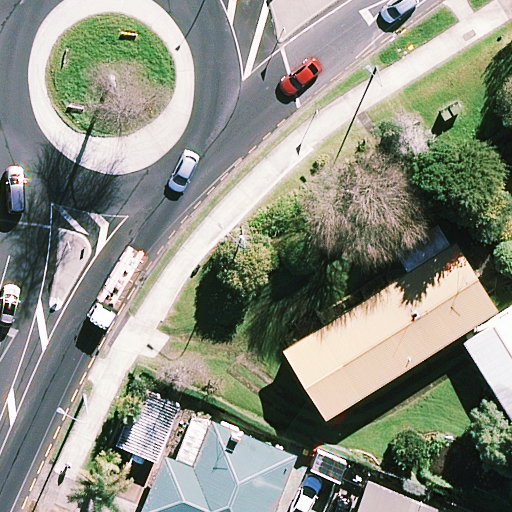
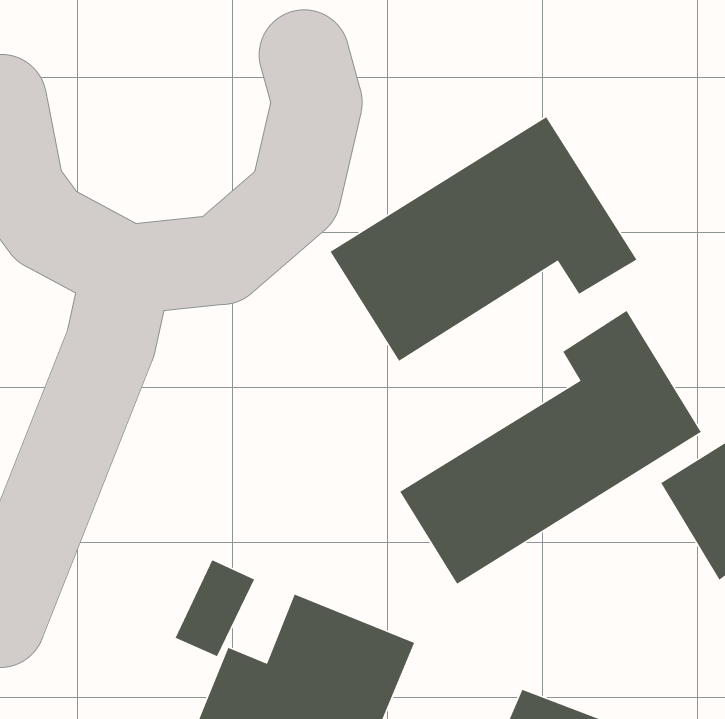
building: none -> [329,116,638,362]

